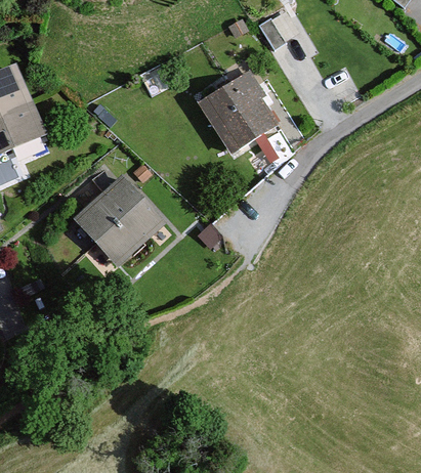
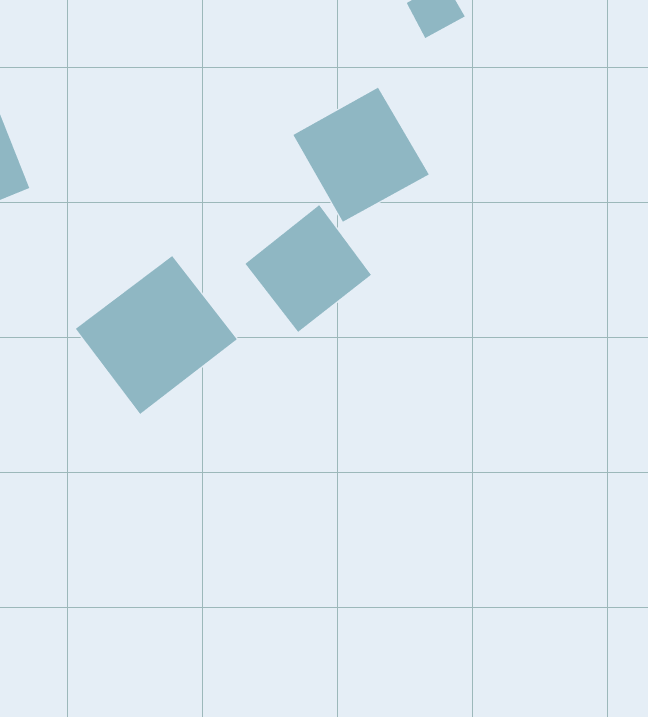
building: none -> [245,204,372,333]

